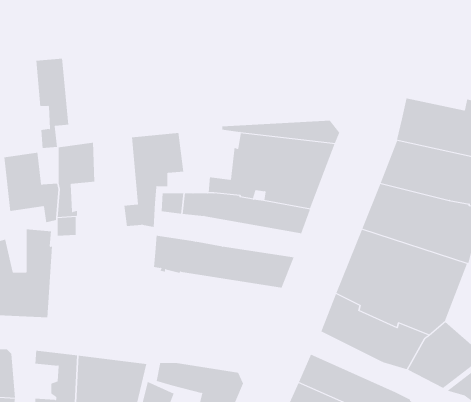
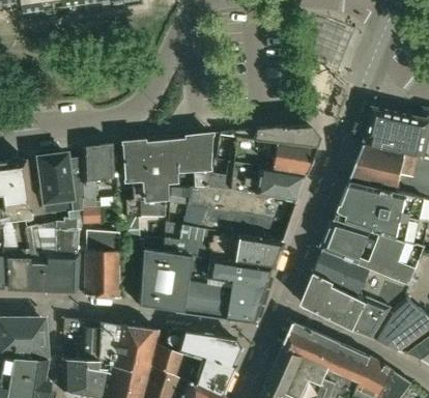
building: [36,58,69,148] -> [121,141,149,217]
building: none -> [184,134,211,188]
building: none -> [198,207,287,241]
building: none -> [85,231,119,298]
building: none -> [139,246,270,323]

